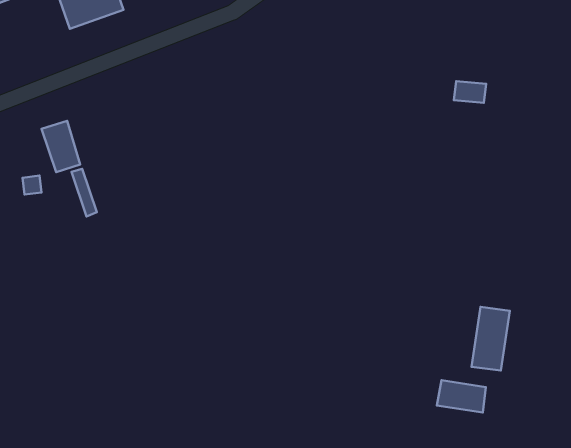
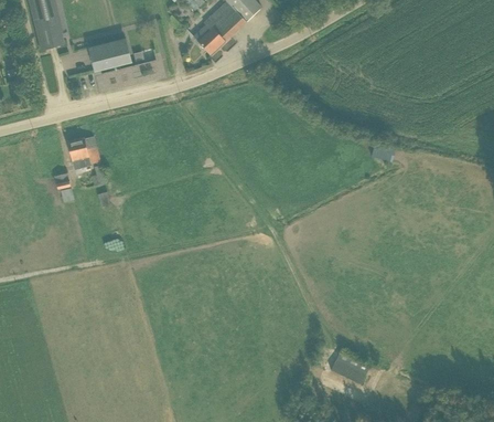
building: [471,307,510,371] -> none

